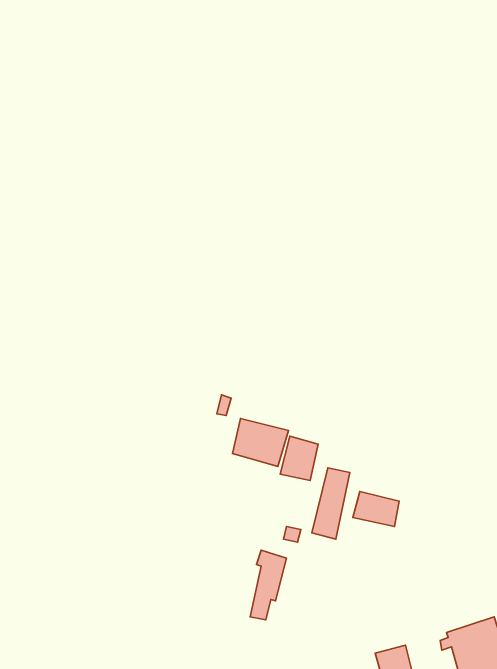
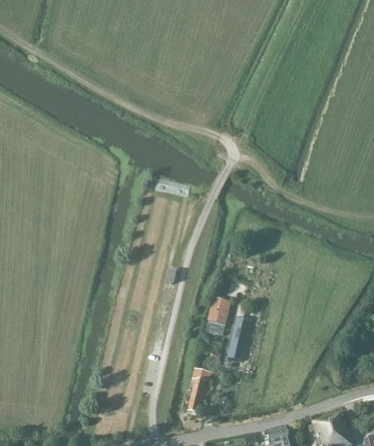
building: [233,418,288,466] -> none
building: [353,492,399,526] -> none

